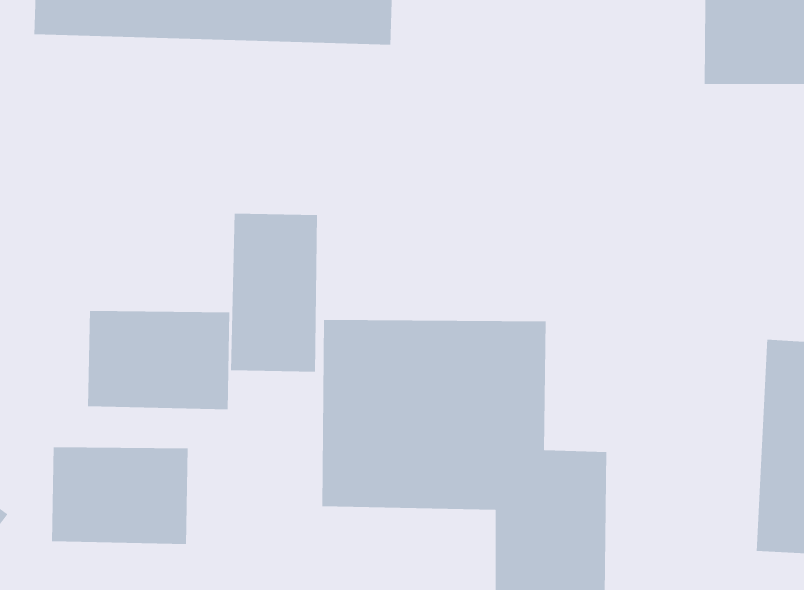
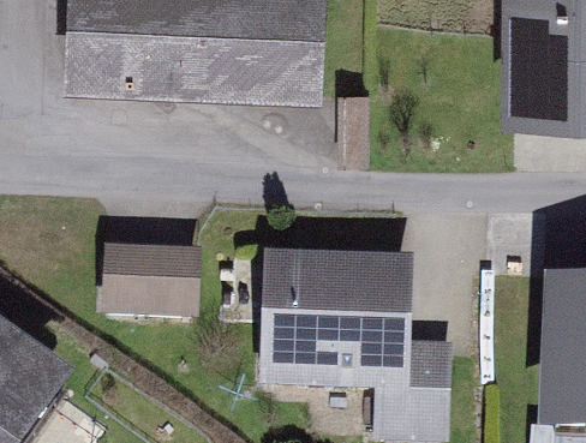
building: [230,213,318,372] -> none
building: [51,446,189,545] -> none

